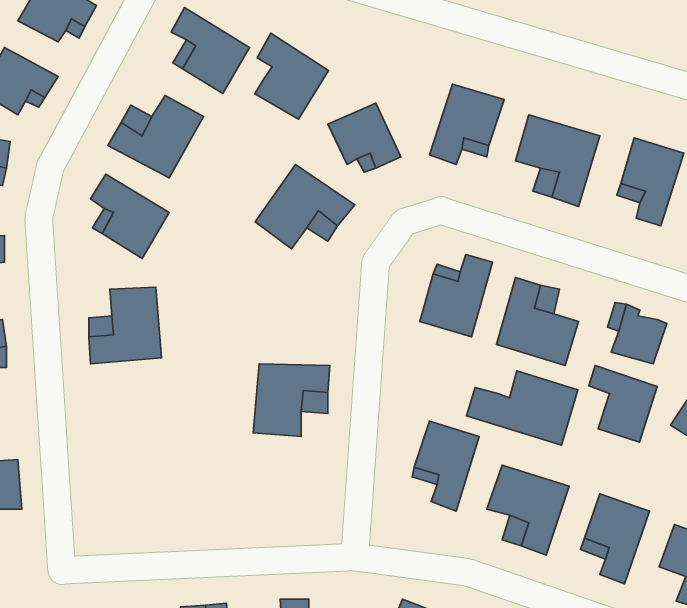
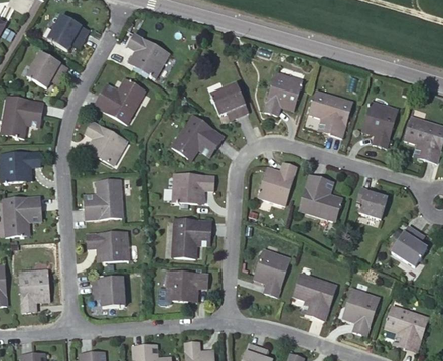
building: [255,33,328,119] -> none
building: none -> [172,173,215,202]
building: [589,366,657,442] -> none
building: [467,371,578,445] -> none
building: none -> [87,231,129,260]
building: none -> [166,272,208,300]
building: none -> [92,278,126,307]

